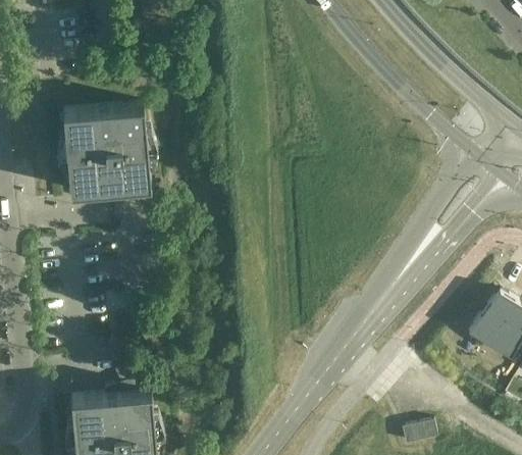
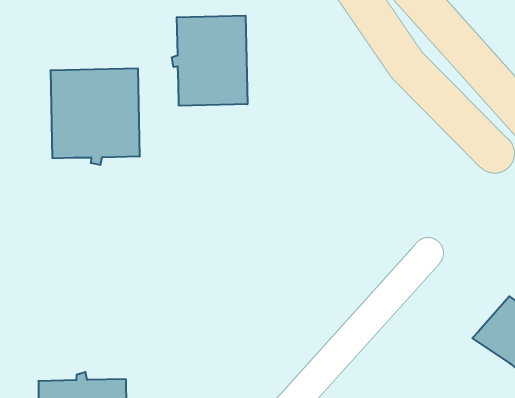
building: none -> [172,16,247,106]

